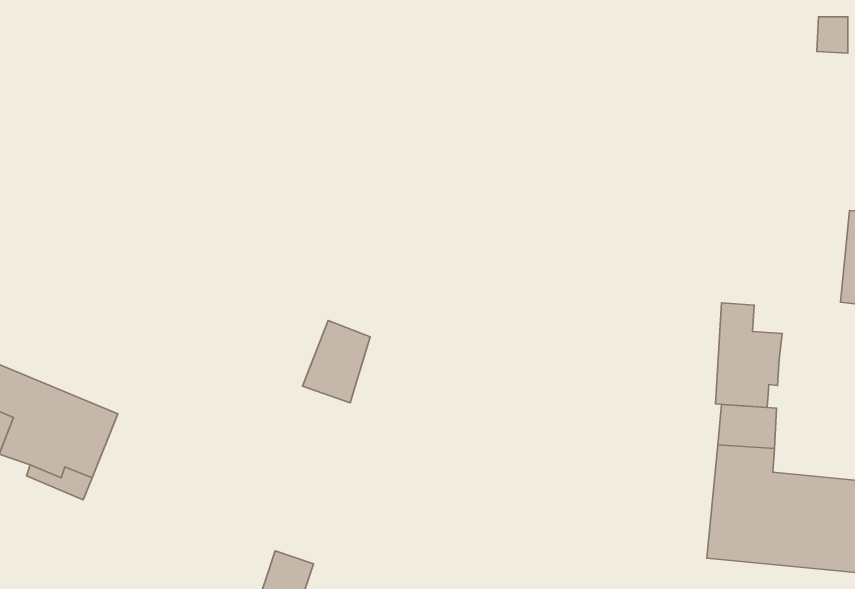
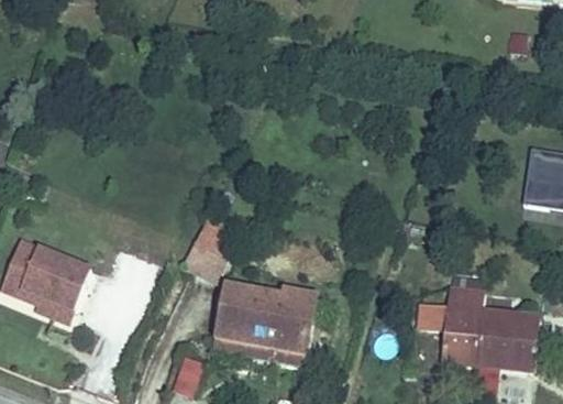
building: [715,303,782,408] -> none
building: none -> [217,280,318,361]

